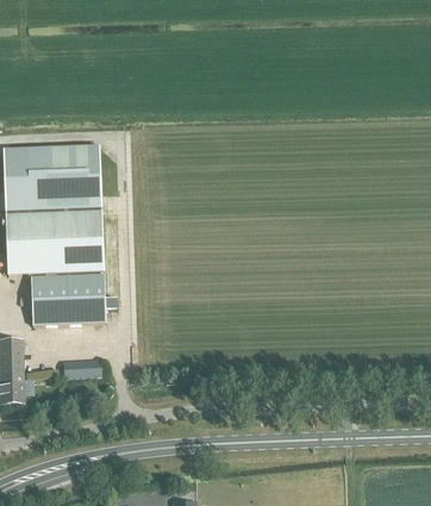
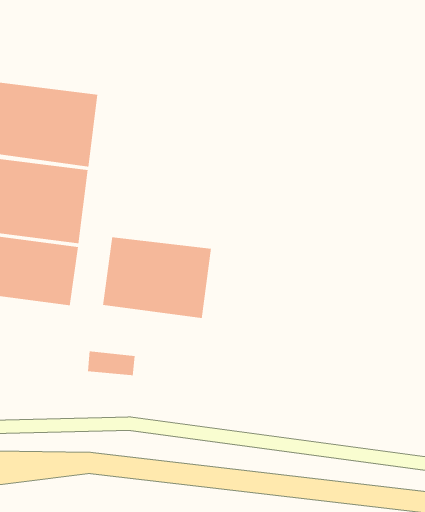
building: none -> [102,236,212,319]
building: [63,358,102,377] -> [87,351,135,376]

